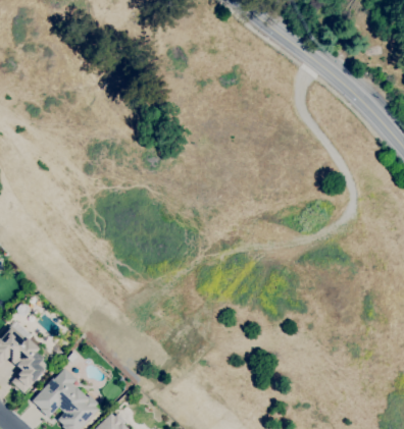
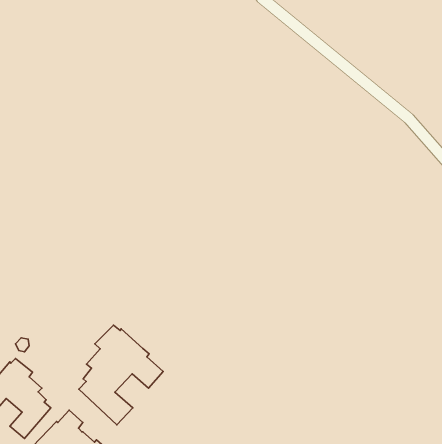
building: none -> [79,325,163,425]

